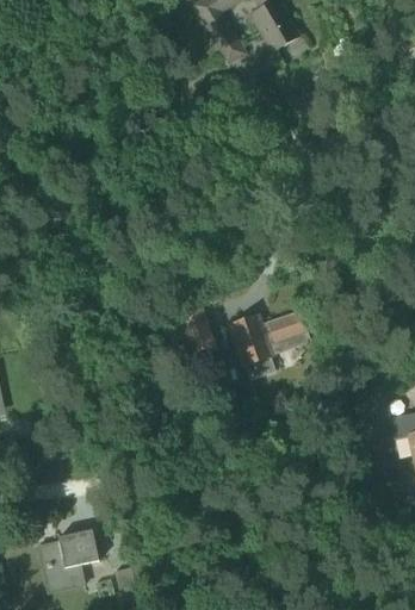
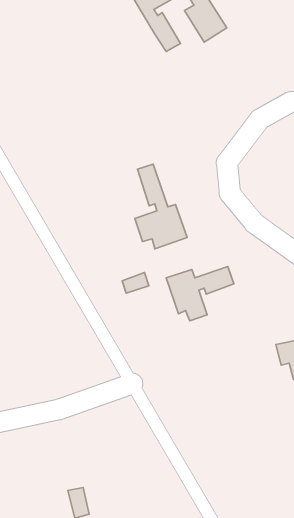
building: none -> [135,164,187,249]
building: [41,530,98,590] -> none

